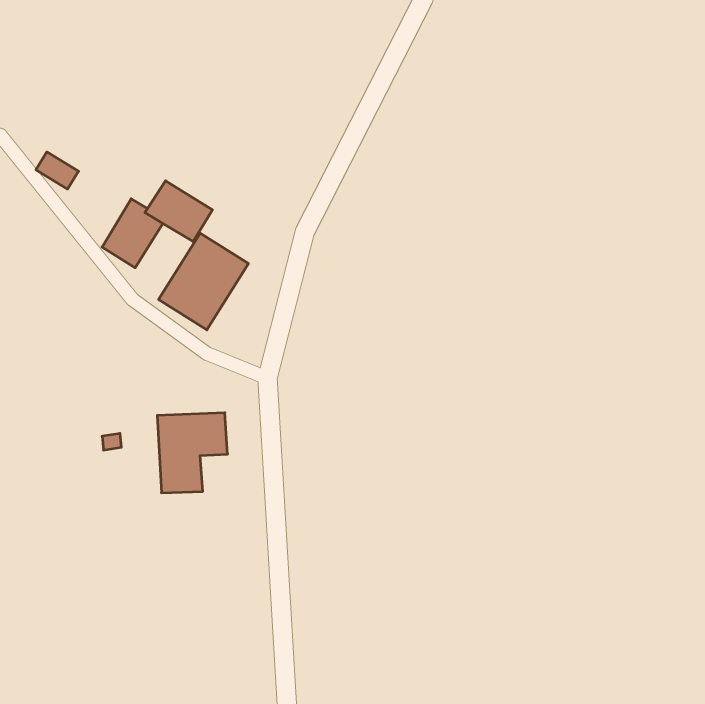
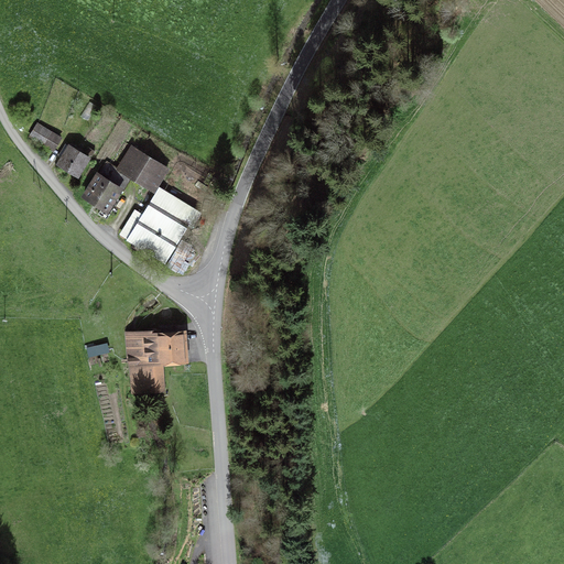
building: none -> [56,143,91,177]

